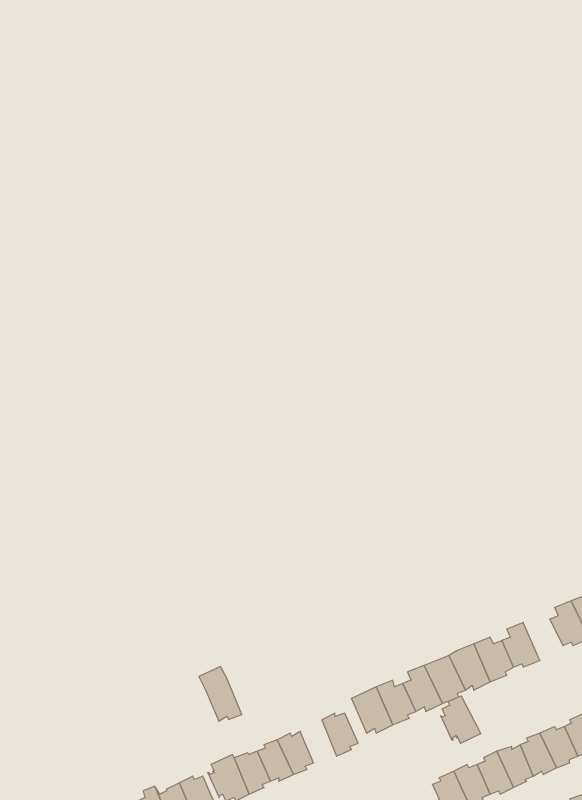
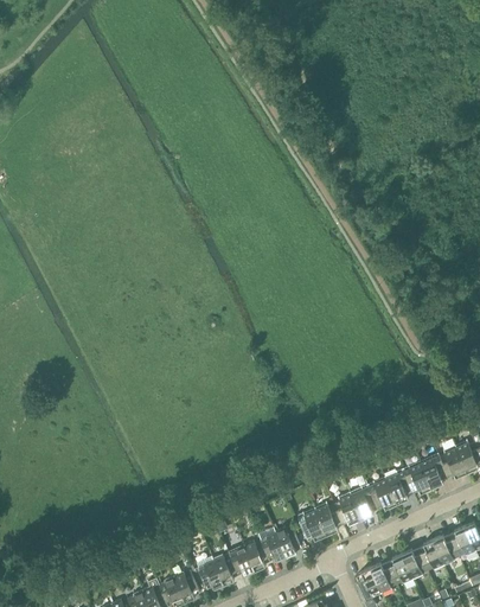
building: none -> [421,455,449,487]
building: [199,667,242,721] -> [256,522,287,561]
building: [441,696,481,743] -> none

